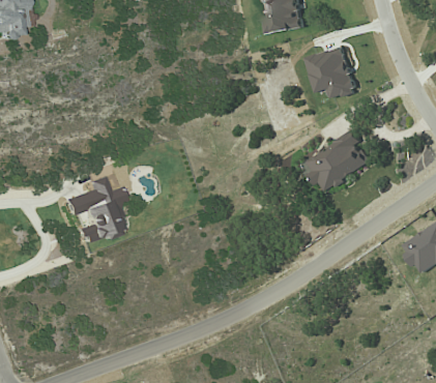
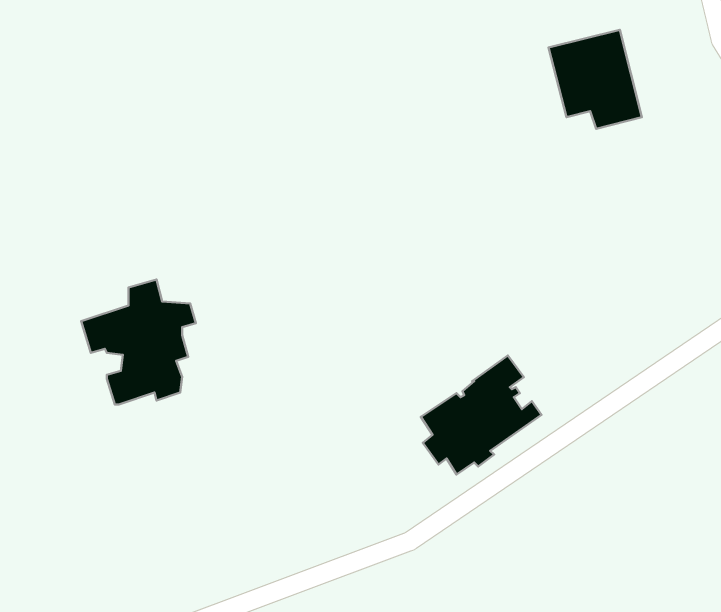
building: [308,128,371,190] -> [421,356,542,474]

